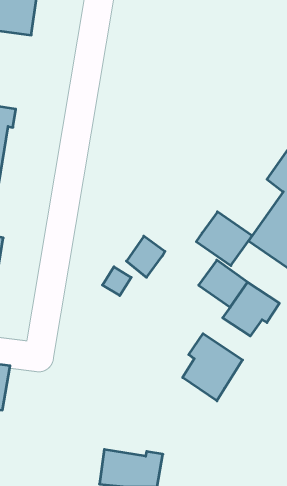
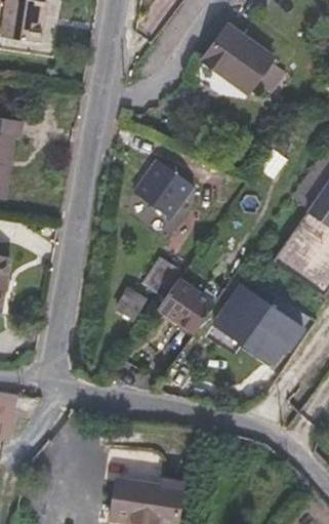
building: none -> [201,25,285,94]
building: none -> [142,164,198,223]
building: [196,212,252,266] -> [157,278,216,335]
building: [183,334,243,401] -> none

